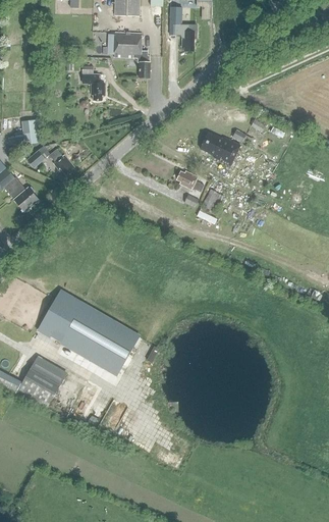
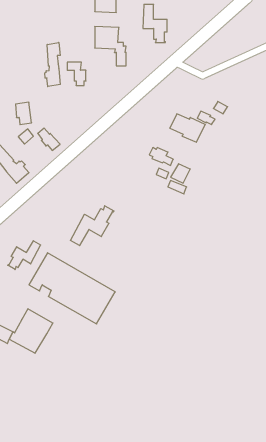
building: none -> [45,42,60,87]
building: none -> [70,206,114,246]
building: none -> [8,241,41,270]

